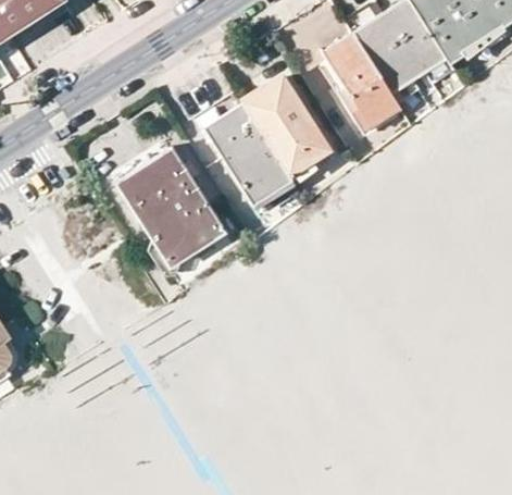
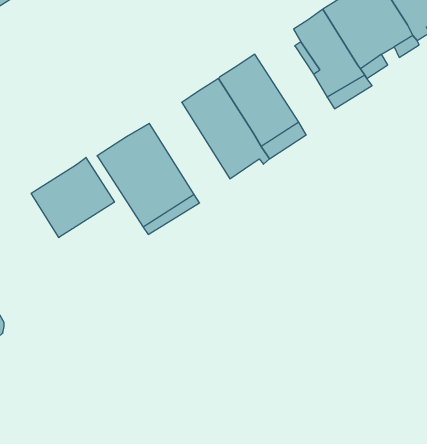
building: none -> [31,157,114,238]

